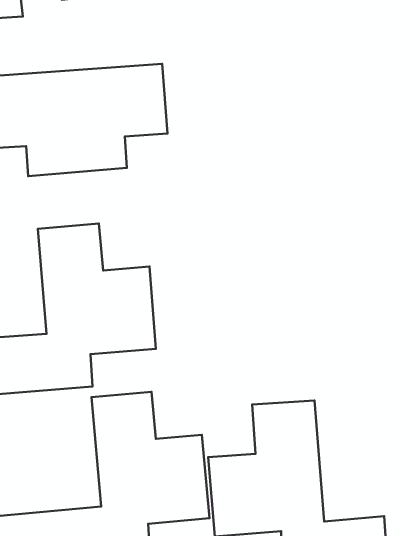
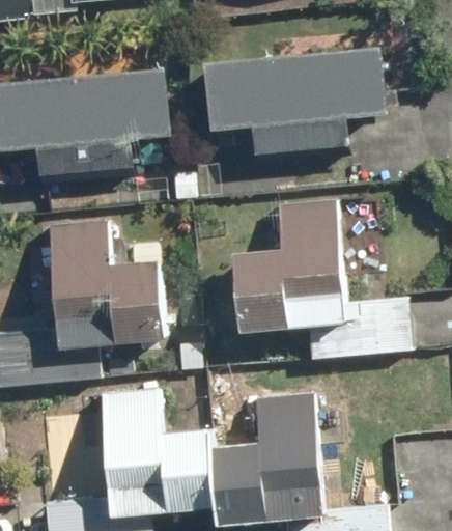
building: none -> [205,48,387,155]
building: none -> [228,200,406,363]

